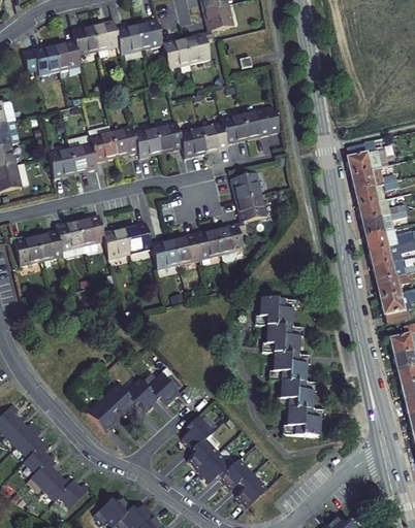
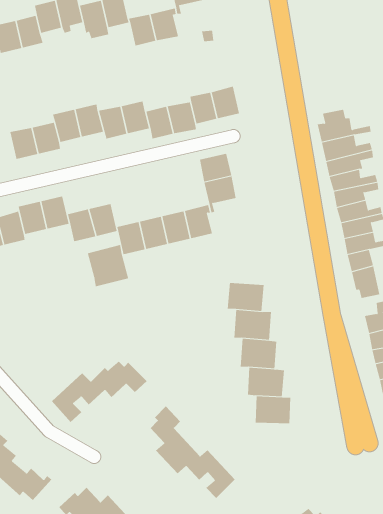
building: none -> [87,244,129,287]

